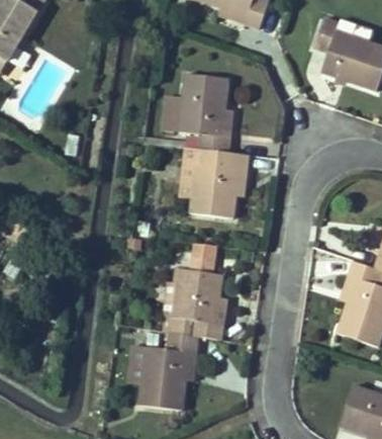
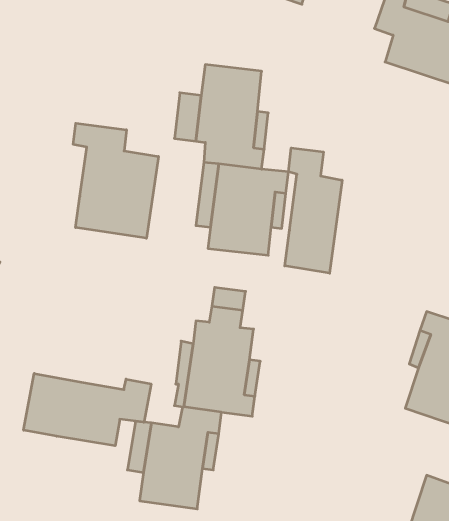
building: none -> [73,123,158,238]
building: none -> [285,148,342,273]
building: none -> [24,373,151,446]

